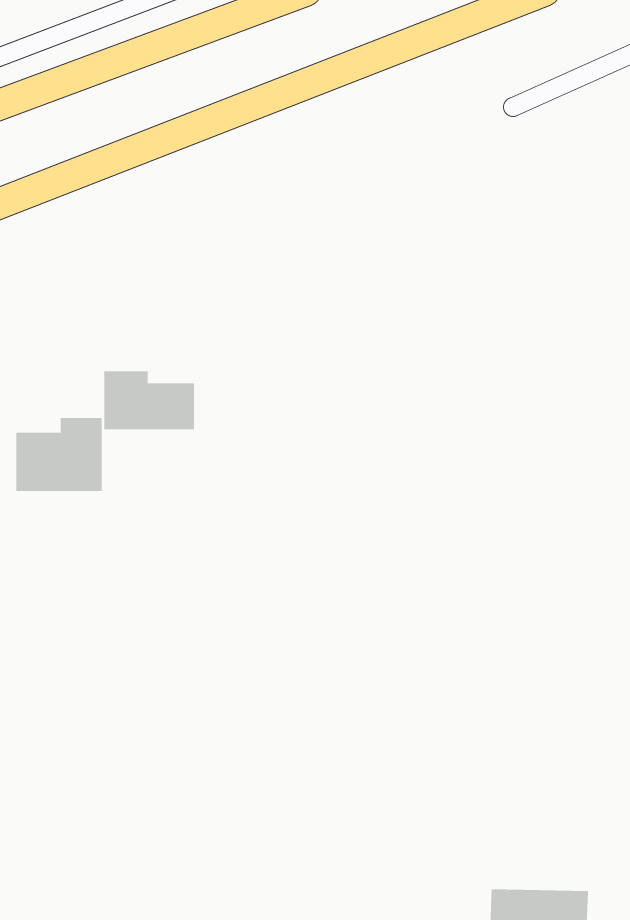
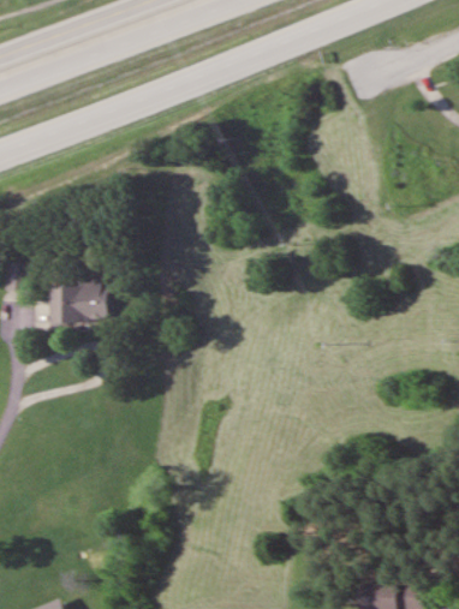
building: [104,371,194,430] -> none

